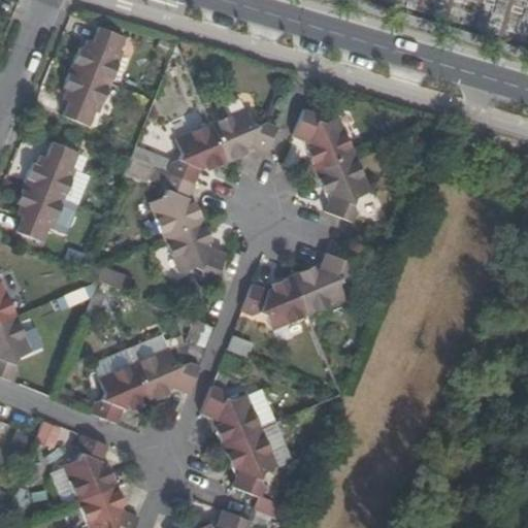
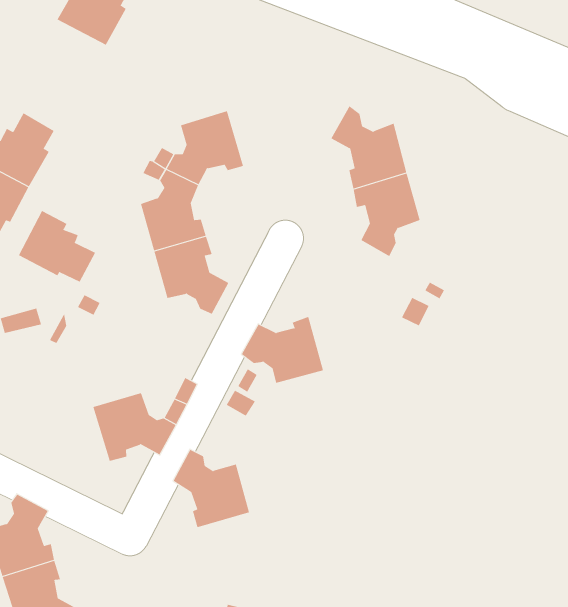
building: [64,68,111,126] -> none
building: [210,107,276,164] -> none
building: none -> [18,210,96,283]
building: [291,253,354,314] -> none
building: [92,362,151,423] -> none
building: [224,429,277,497] -> none

